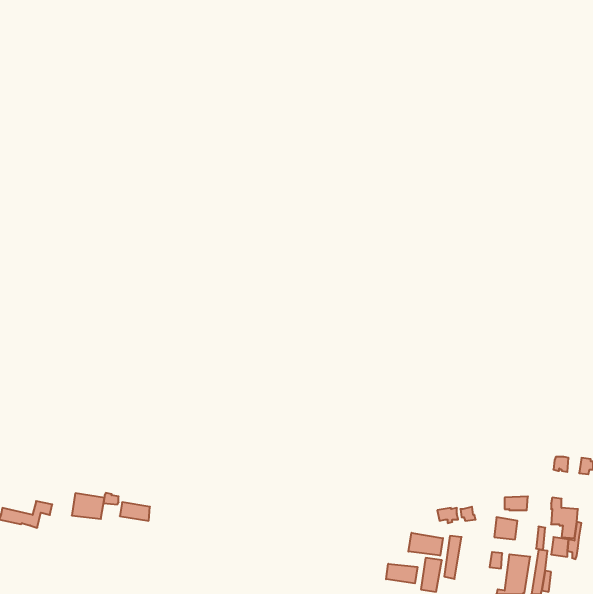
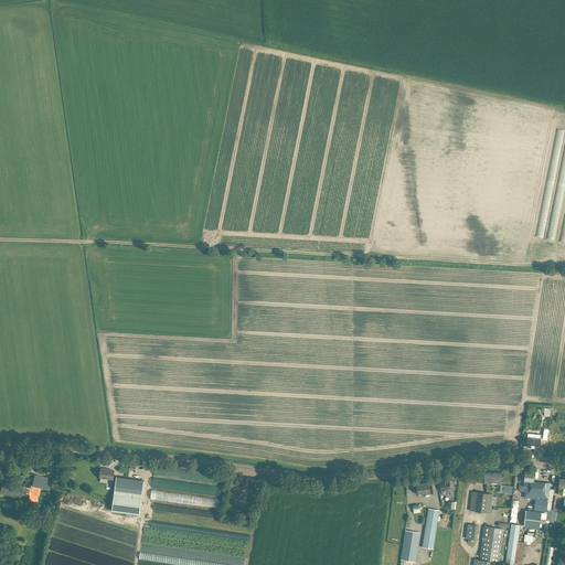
building: [72,493,104,519] -> [110,490,141,514]
building: [408,533,443,556] -> none
building: [386,564,417,583] -> none

